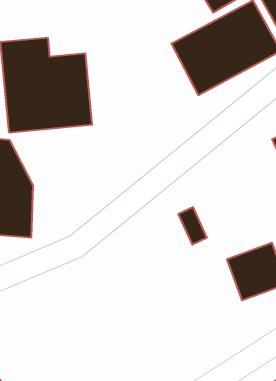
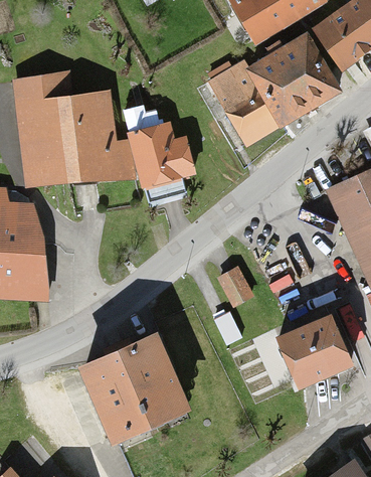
building: none -> [127,117,190,185]
building: none -> [79,335,185,444]

